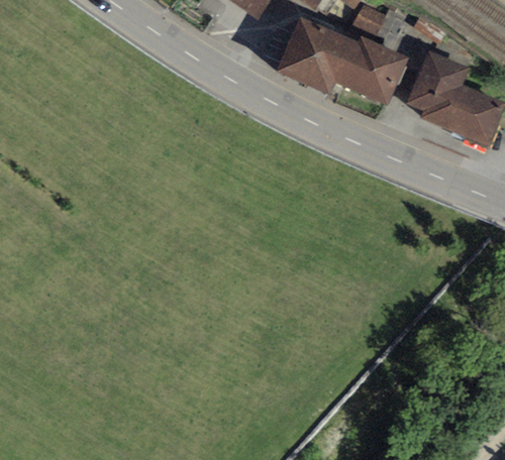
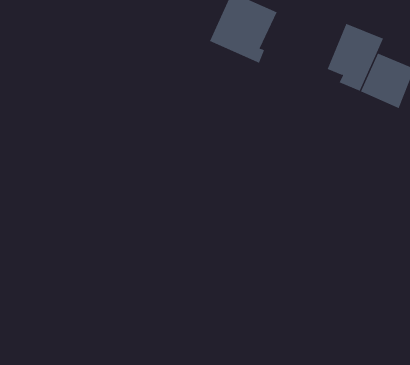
building: [331,35,409,105] -> none

